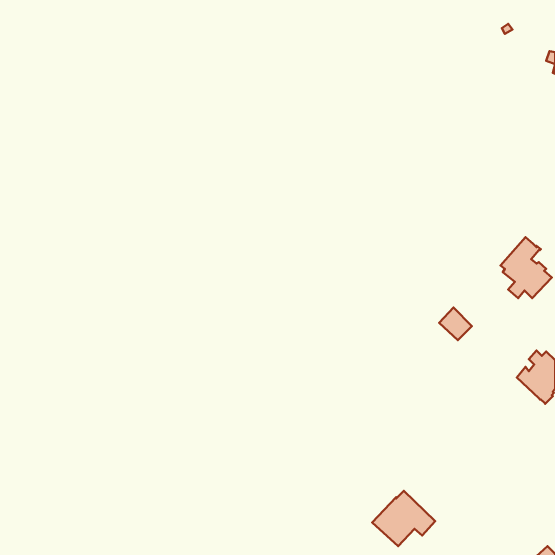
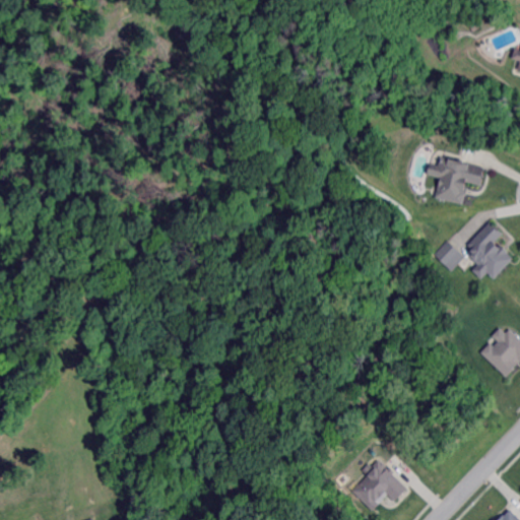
building: none -> [428,156,485,204]
building: [439,308,472,340] -> [433,240,463,270]

